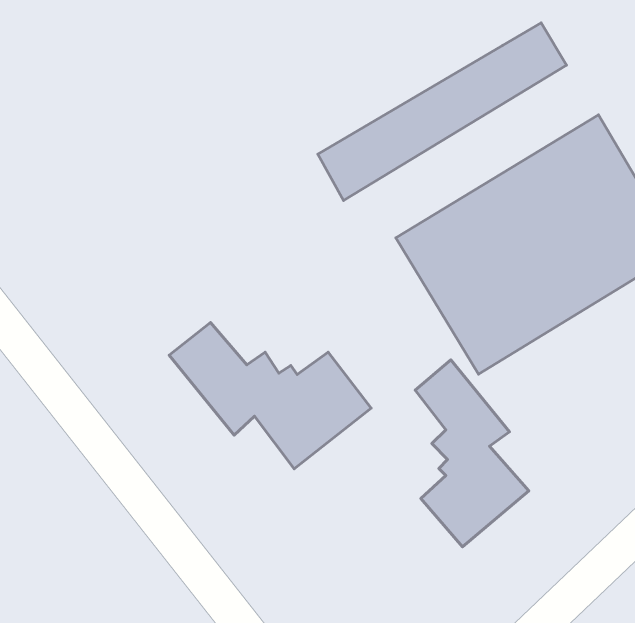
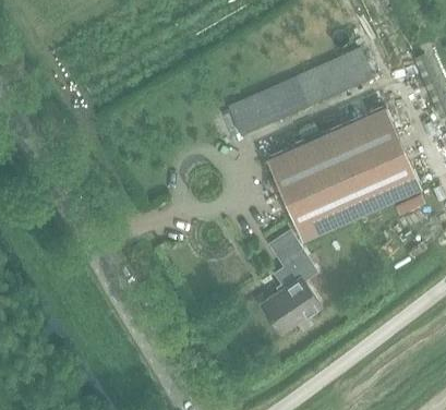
building: [169,322,371,469] -> none

